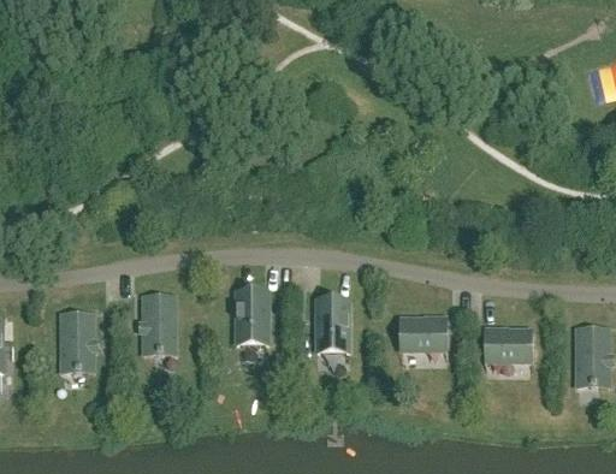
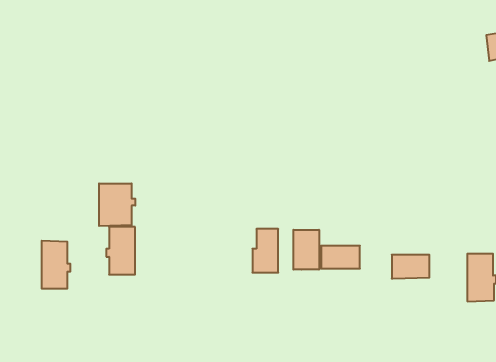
building: none -> [99,183,135,226]
building: [236,291,268,344] -> none
building: none -> [293,230,319,270]

